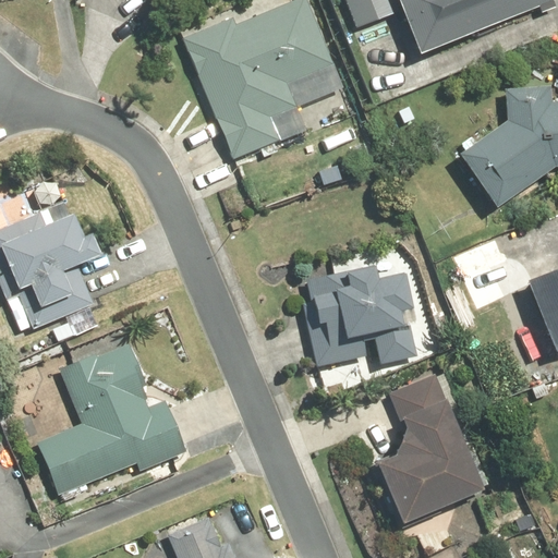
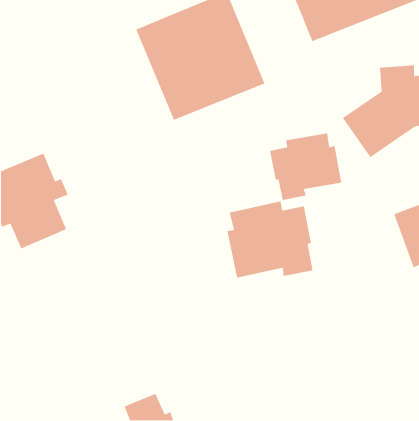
building: none -> [269,133,342,201]
building: [37,343,187,495] -> none
building: [371,373,485,526] -> none

